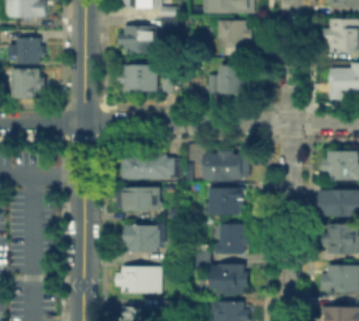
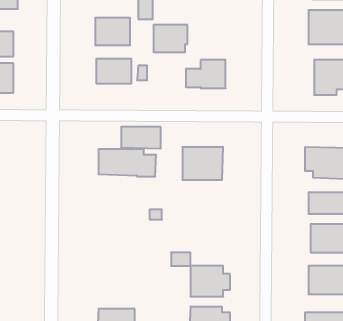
building: [218,22,250,48] -> [153,25,187,52]
building: [123,189,161,210] -> [121,127,161,149]
building: [210,190,246,217] -> none
building: [124,224,159,252] -> none
building: [218,226,250,252] -> none
building: [116,269,168,294] -> none

